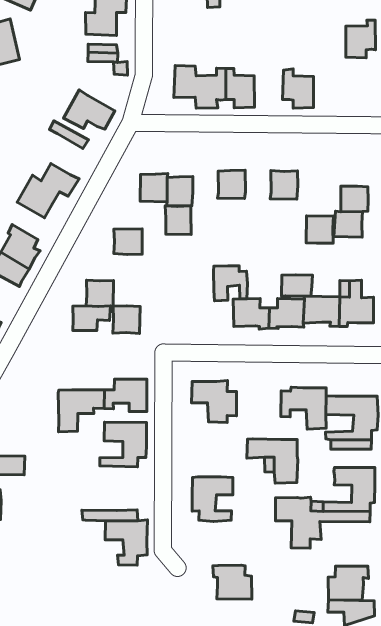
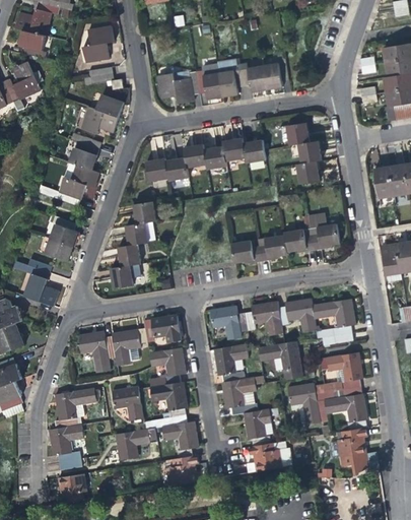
building: [346,20,375,58] -> [263,58,288,89]
building: none -> [218,65,243,96]
building: none -> [95,93,124,117]
building: none -> [68,141,98,171]
building: none -> [222,137,246,161]
building: [165,206,191,234] -> [183,144,206,169]
building: [306,216,334,243] -> [286,123,310,146]
building: [214,266,247,301] -> none
building: [281,275,313,296] -> none
building: [113,306,140,334] -> [125,223,148,247]
building: none -> [245,302,282,335]
building: none -> [78,331,115,372]
building: none -> [214,344,248,382]
building: none -> [112,387,143,420]
building: none -> [151,381,186,417]
building: none -> [116,429,149,460]
building: none -> [244,409,271,446]
building: none -> [324,394,366,432]
building: none -> [168,455,198,485]

